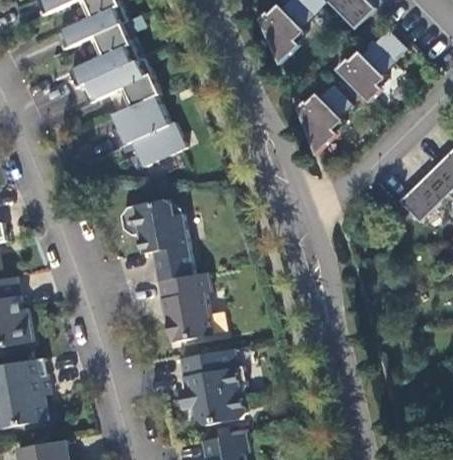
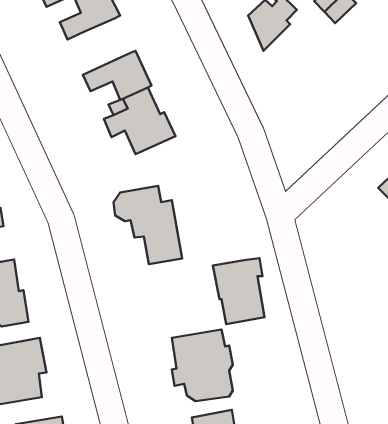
building: [75,24,138,85] -> none
building: [339,43,393,98] -> none
building: [299,85,350,148] -> none
building: [157,273,211,342] -> [213,258,264,324]

